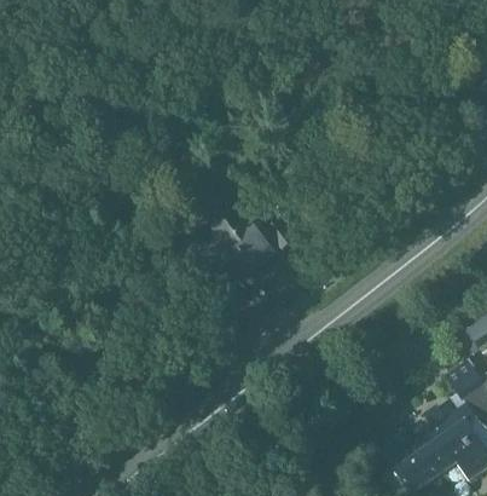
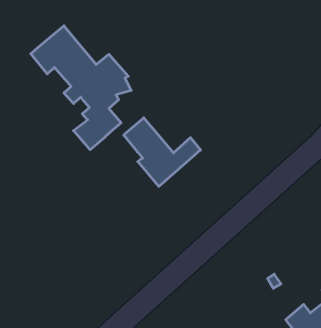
building: none -> [31,26,131,150]

